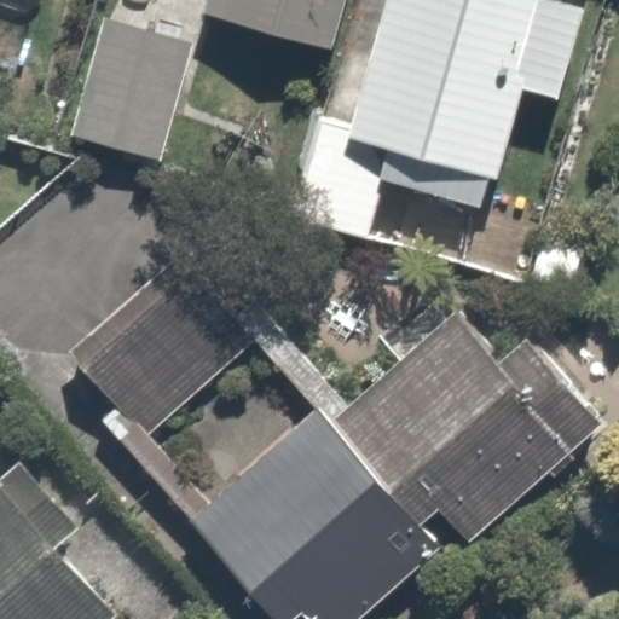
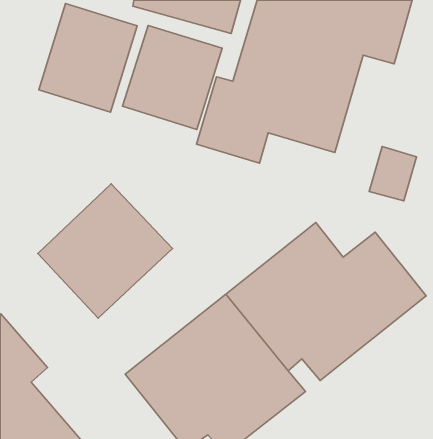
building: none -> [123,26,222,129]

